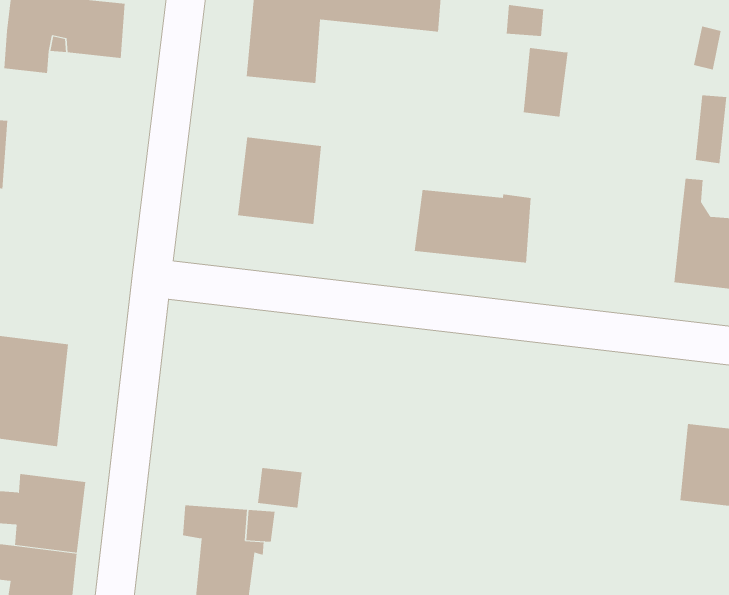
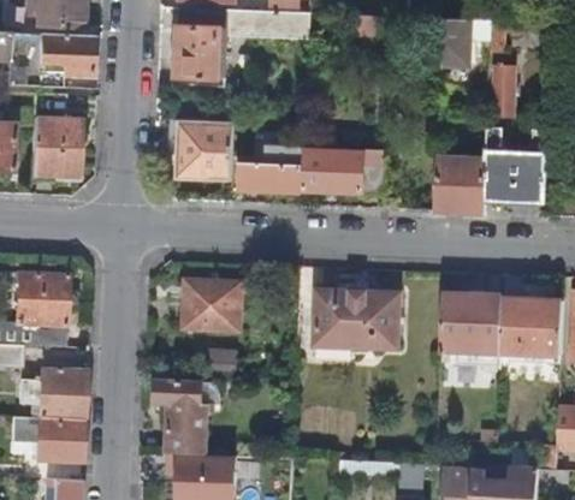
building: [523,47,569,117] -> [440,19,469,66]
building: none -> [30,118,77,175]
building: none -> [239,148,304,192]
building: none -> [434,150,486,213]
building: none -> [183,280,241,331]
building: none -> [315,291,398,347]
building: none -> [439,297,502,364]

